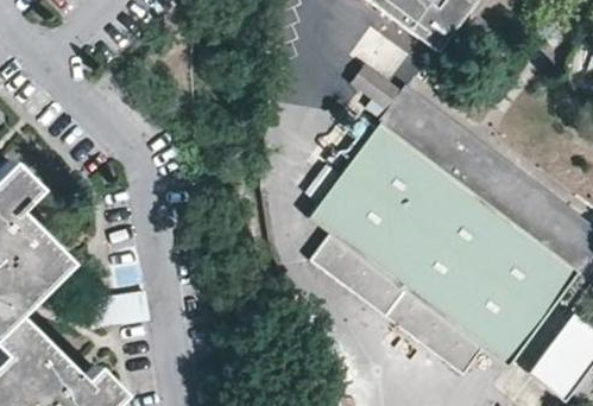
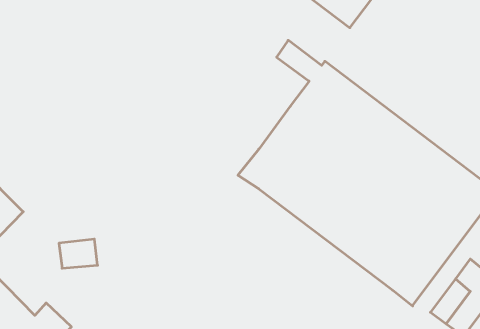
building: [314,233,486,373] -> none

